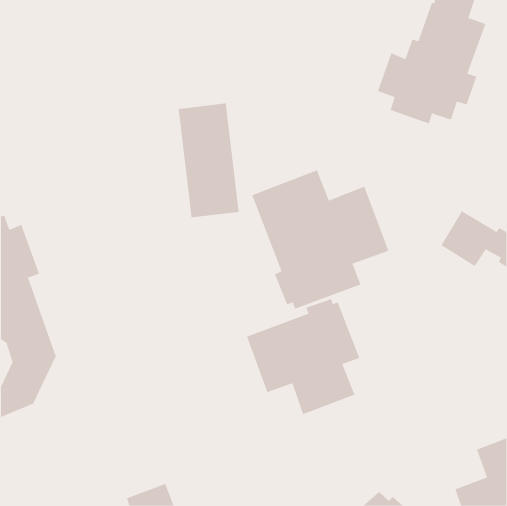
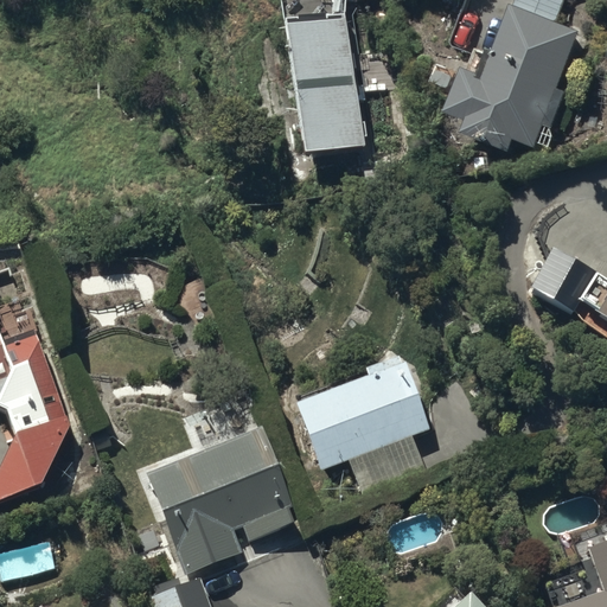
building: [178,103,239,218] -> [288,13,362,151]
building: [252,170,389,309] -> none
building: none -> [142,423,294,575]

